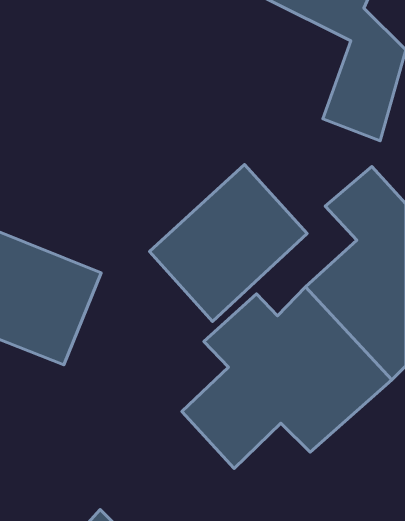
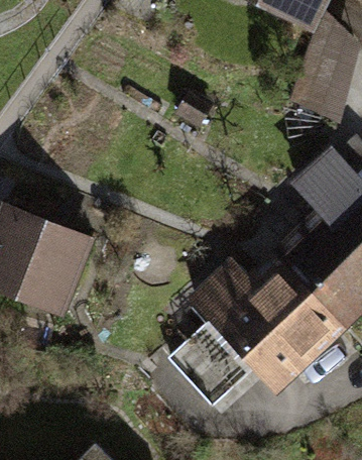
building: [149,165,307,322] -> none

